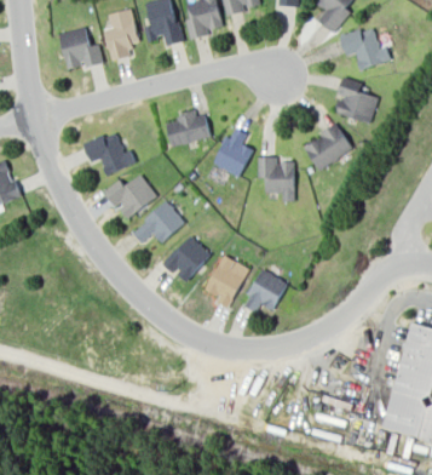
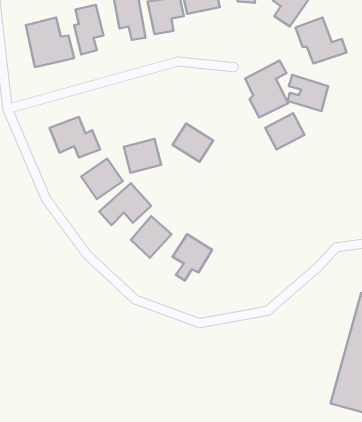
building: none -> [245,60,288,118]
building: [167,105,207,142] -> [124,139,161,173]
building: [255,158,293,191] -> none
building: [238,268,288,315] -> none

